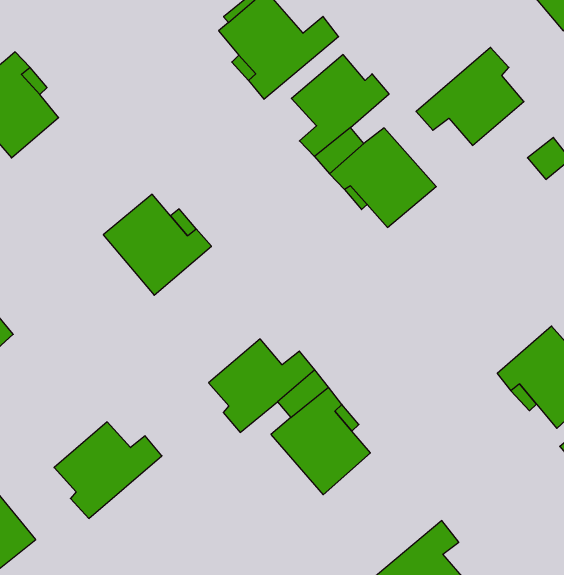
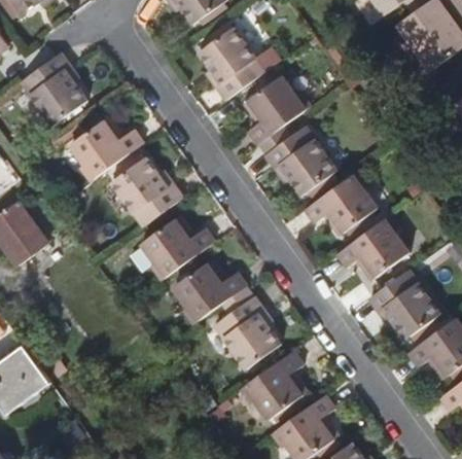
building: [416,47,524,145] -> [304,170,377,235]
building: none -> [71,118,144,181]
building: none -> [335,213,406,276]
building: [54,422,162,518] -> [142,217,215,281]
building: none -> [239,351,305,420]

